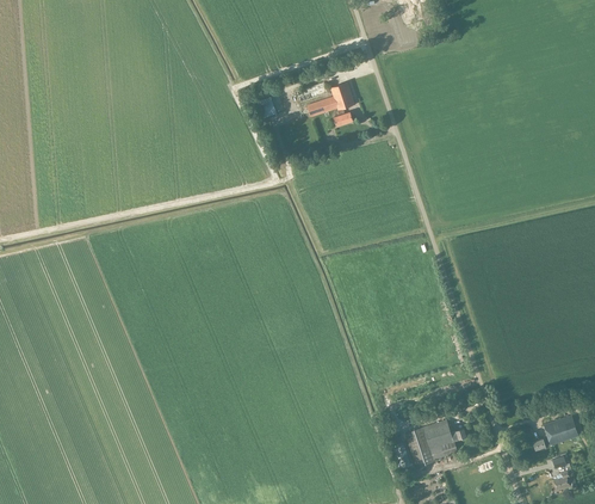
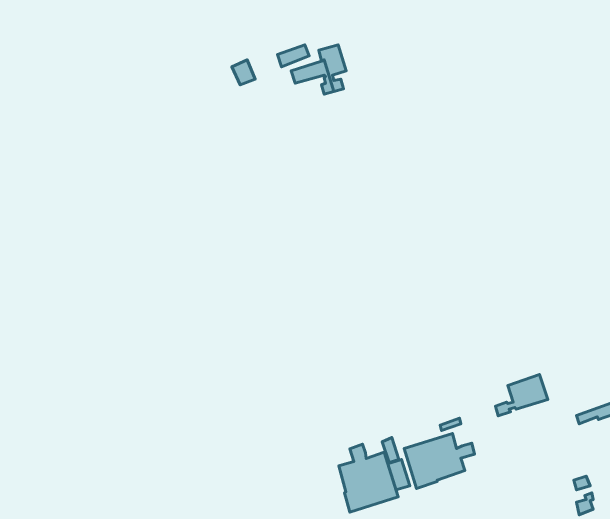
building: [533,413,578,449] -> [495,375,548,416]
building: none -> [339,444,398,512]

